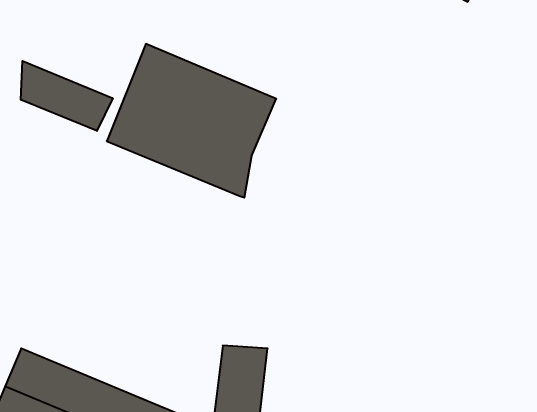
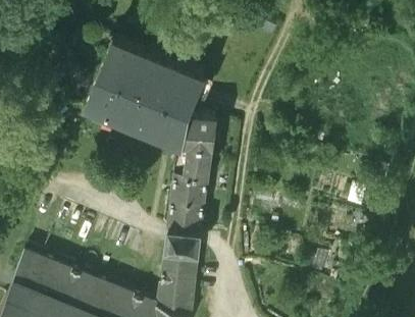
building: [21,61,113,131] -> none
building: none -> [166,119,215,255]

